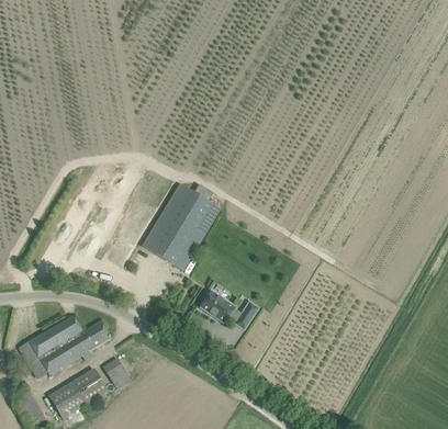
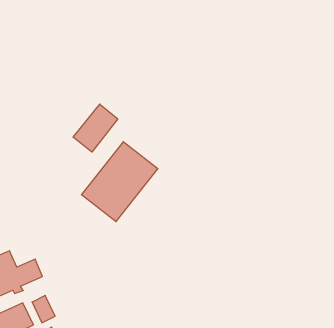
building: none -> [73,104,118,152]
building: [200,290,258,328] -> none

